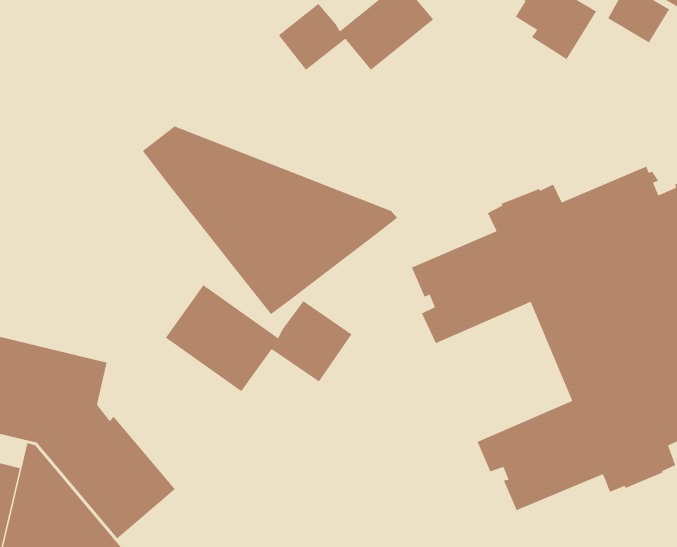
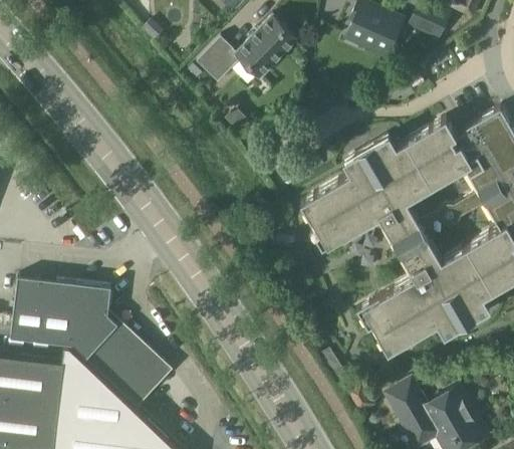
building: [142,125,398,315] -> none
building: [165,284,353,392] -> none

